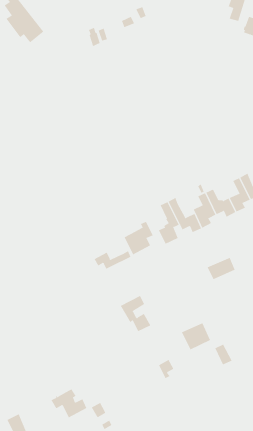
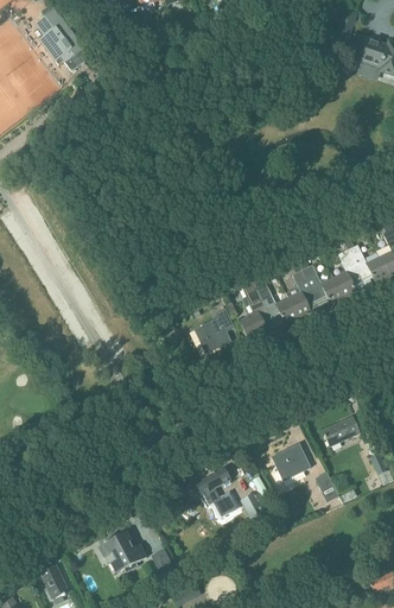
building: [94,250,131,269] -> none
building: [207,257,235,280] -> [322,416,360,445]
building: [120,295,151,332] -> [196,467,237,515]

